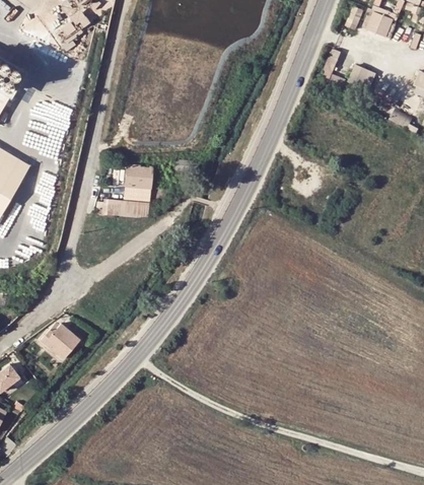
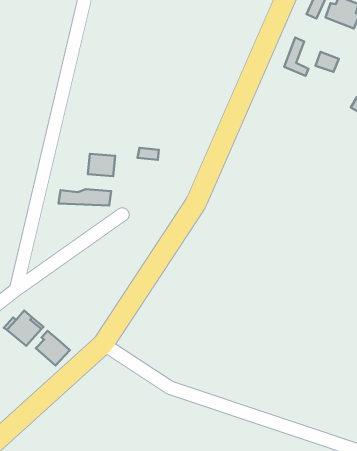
building: [122,186,149,203] -> none
building: none -> [36,331,70,365]

